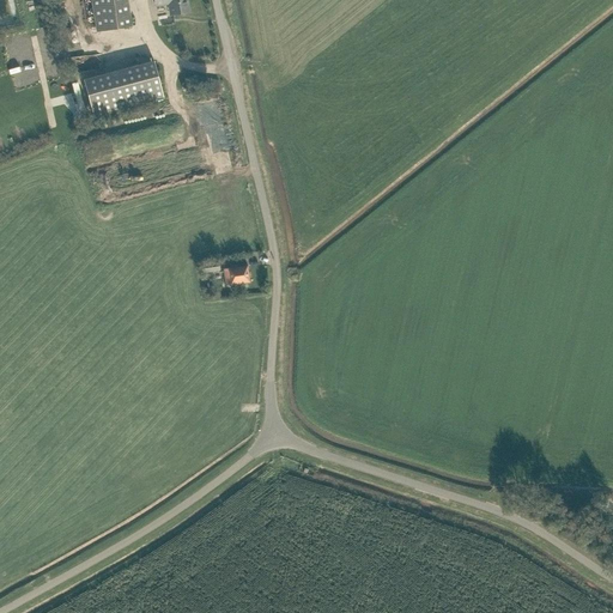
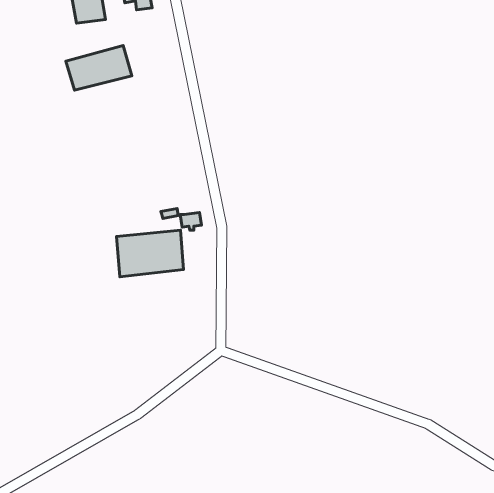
building: none -> [117,230,183,277]

